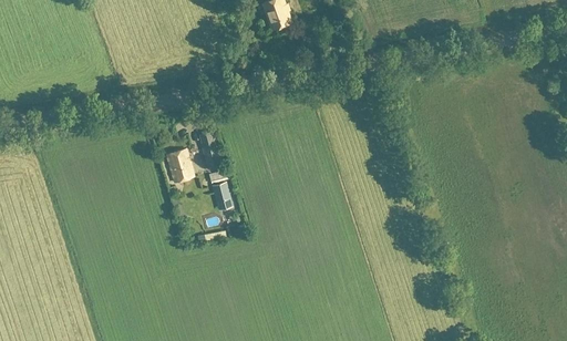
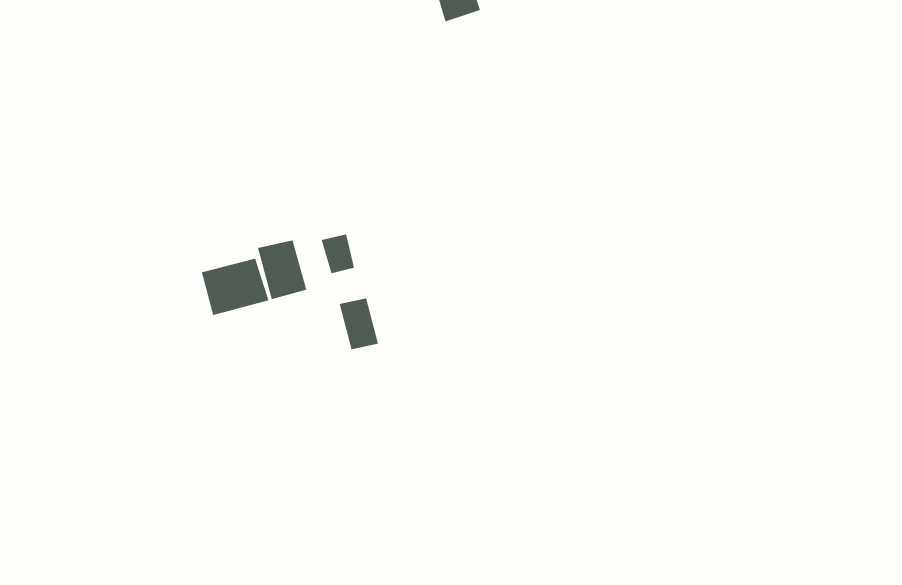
building: none -> [201,258,269,316]

